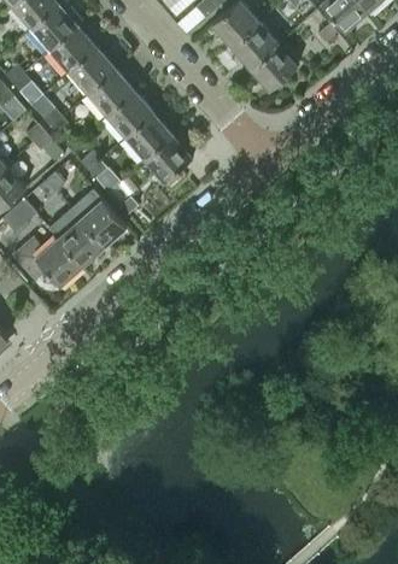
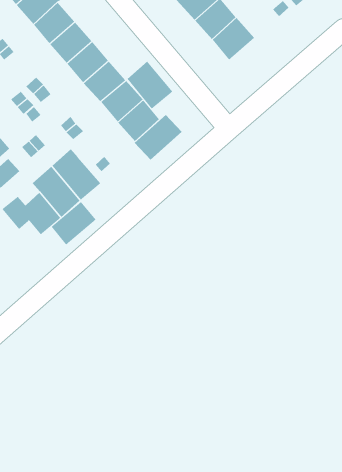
building: none -> [127,61,173,110]
building: none -> [134,114,183,160]
building: none -> [51,201,96,245]

